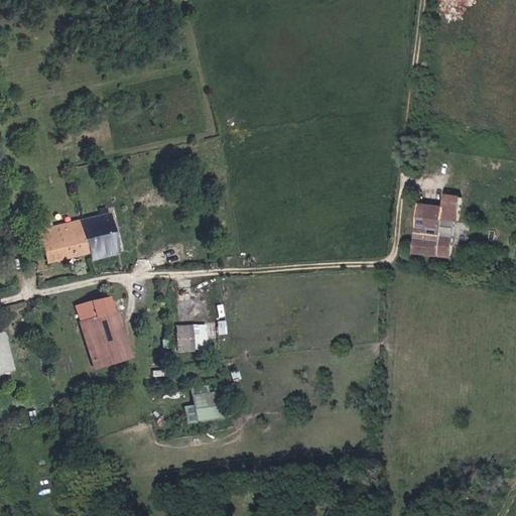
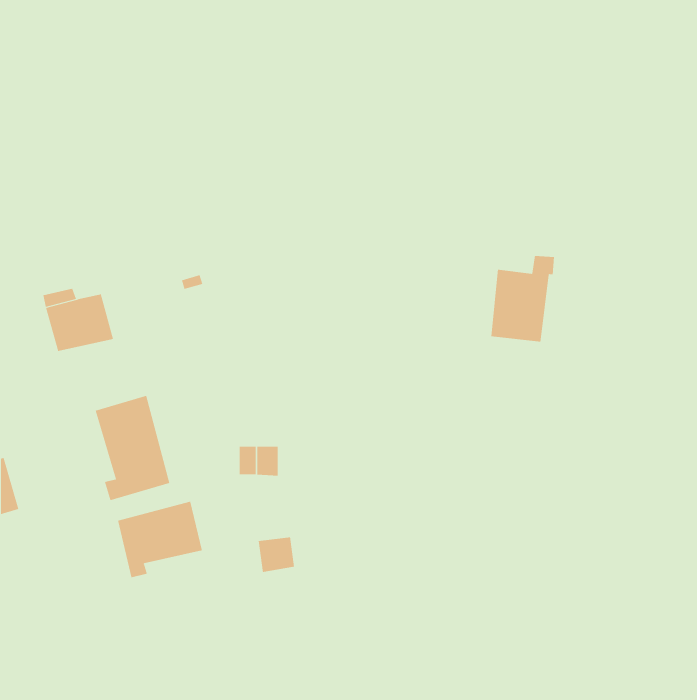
building: [412,200,460,263] -> [490,256,555,342]
building: [78,210,115,257] -> none
building: none -> [117,501,203,578]

